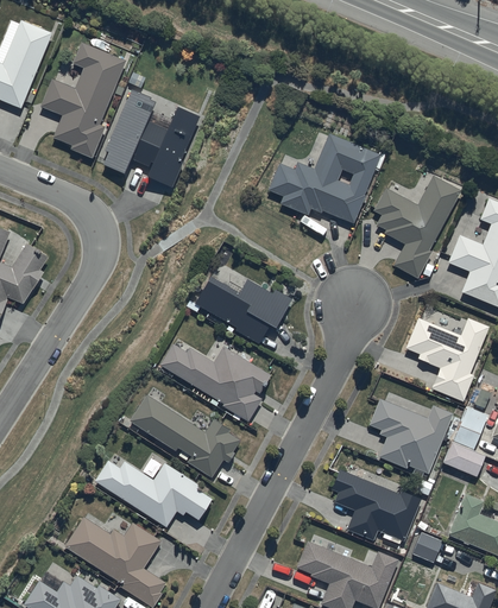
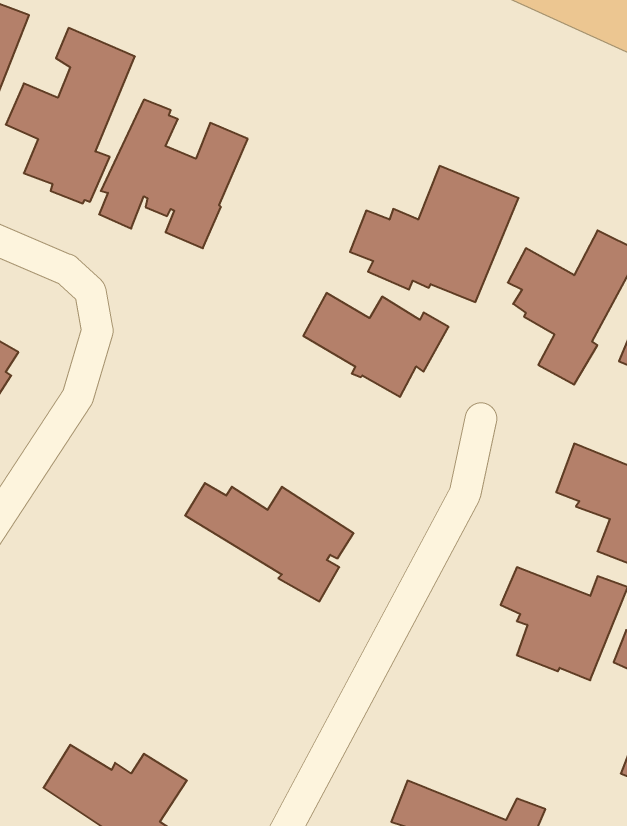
building: [195,276,291,344] -> [303,293,449,397]
building: [130,394,240,477] -> none
building: [94,461,212,527] -> none
building: [332,469,421,540] -> none
building: [412,531,443,563] -> none

